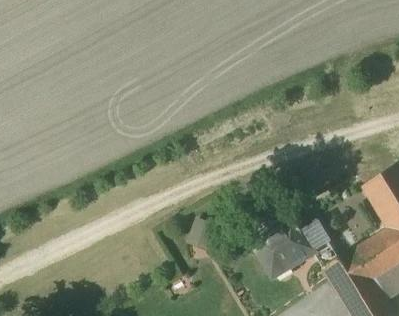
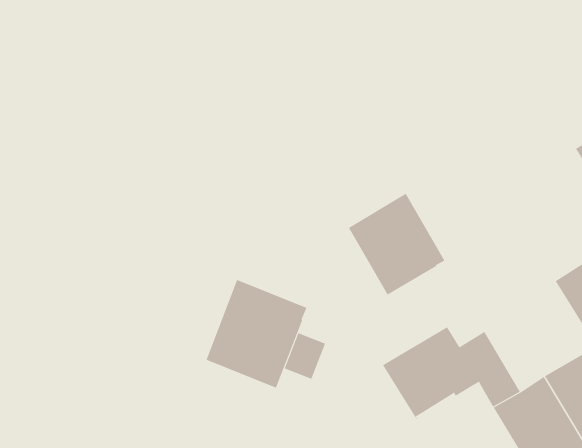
building: none -> [348,193,445,295]
building: none -> [206,279,307,389]

